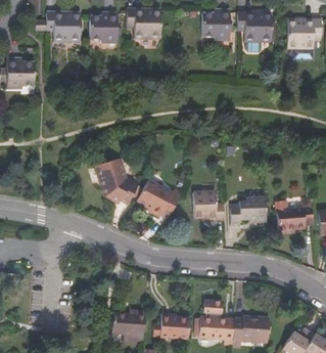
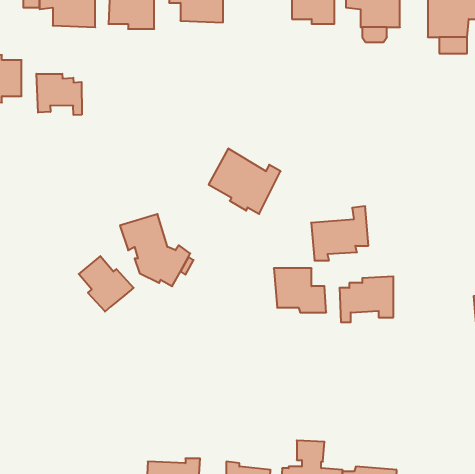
building: none -> [36,74,82,115]
building: [137,176,182,217] -> [209,148,281,214]
building: none -> [79,256,134,312]
building: [275,197,311,231] -> [311,206,368,260]

